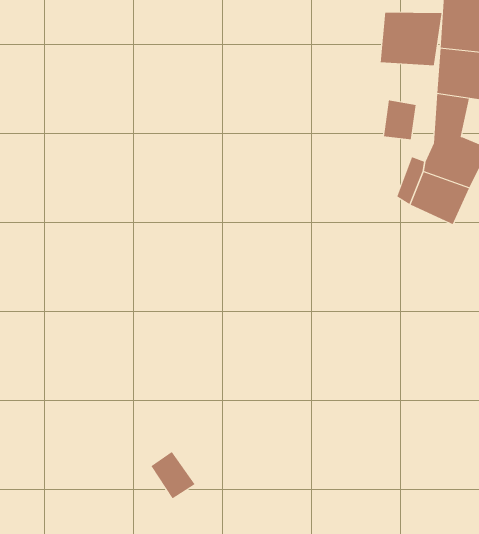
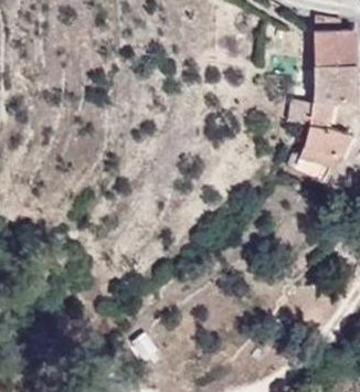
building: [380,12,442,66] -> none

